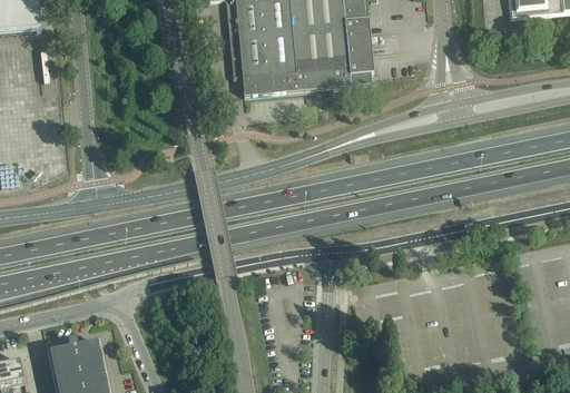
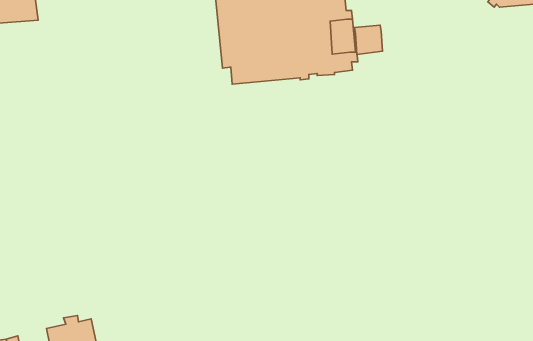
building: none -> [355,25,382,54]

